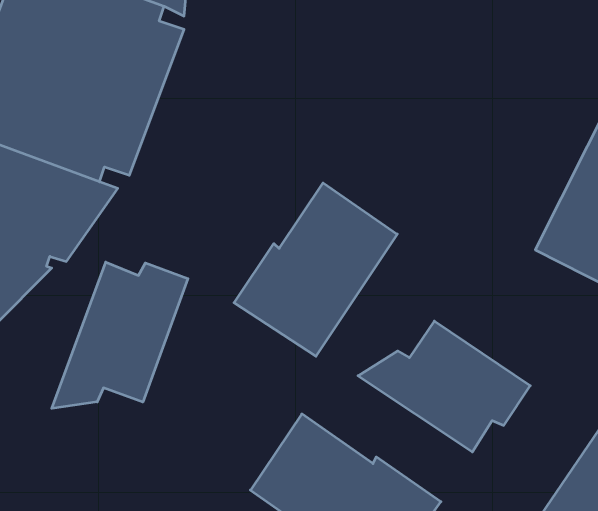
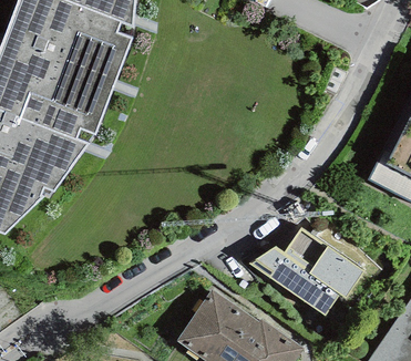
building: [234,183,397,356] -> none
building: [52,262,188,408] -> none

